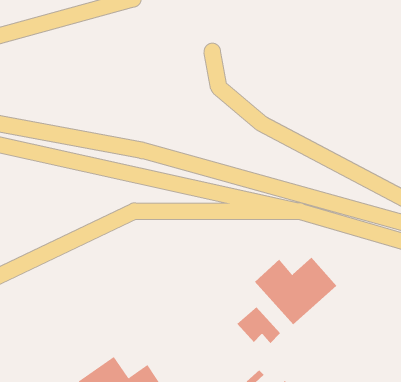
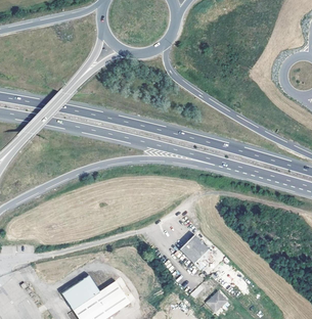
building: [254,257,337,325] -> none

